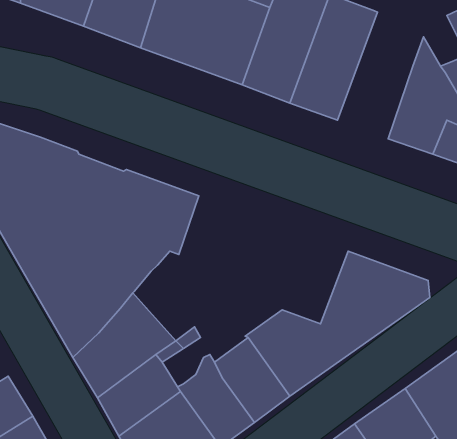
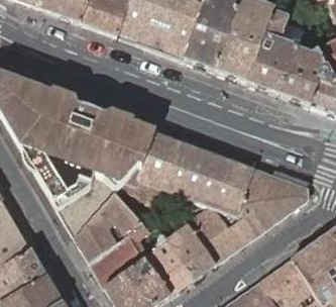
building: none -> [247,12,304,95]
building: none -> [125,132,254,216]

